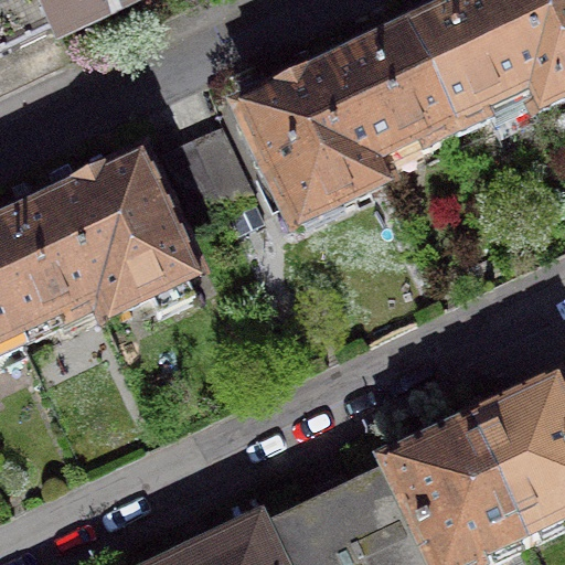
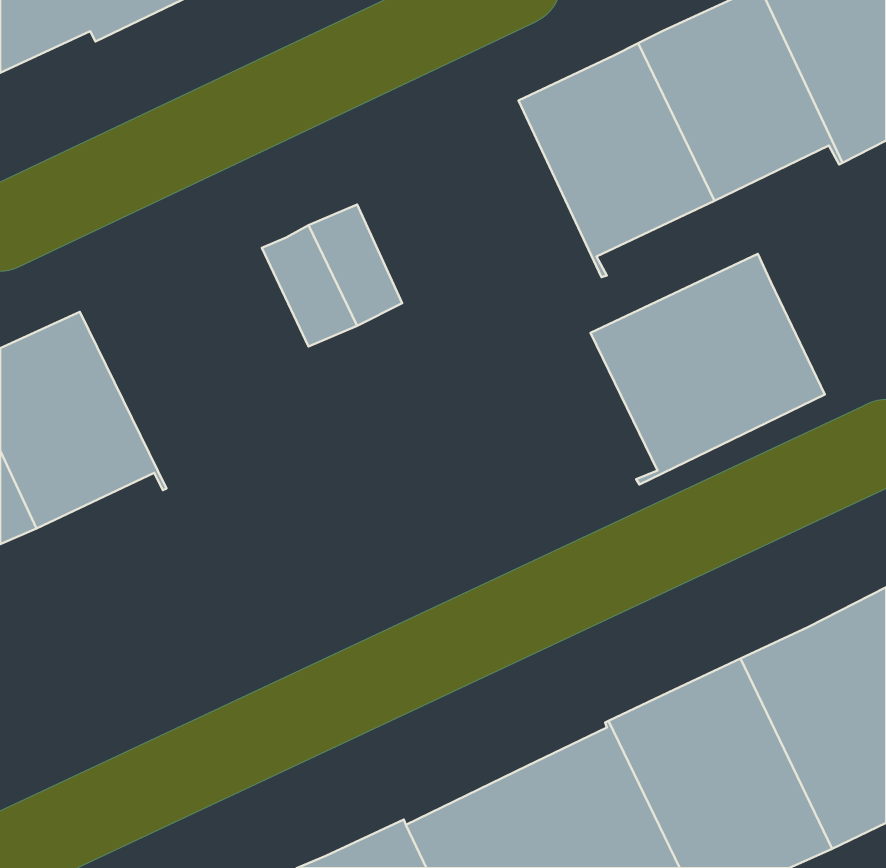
building: [239,64,383,220] -> none
building: [51,156,195,311] -> none
building: none -> [590,254,825,485]

